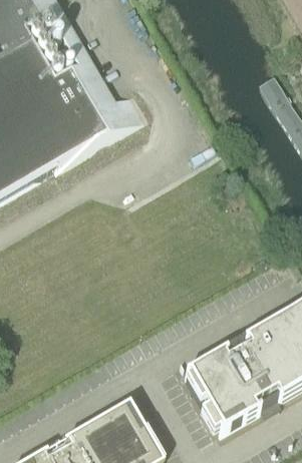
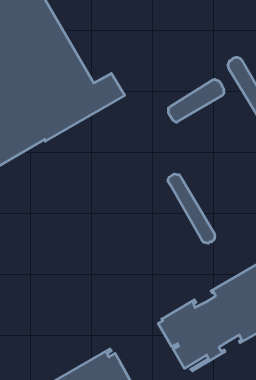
building: none -> [168,79,224,122]
building: none -> [168,174,215,243]

